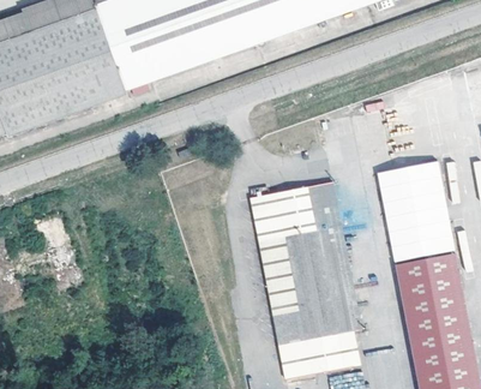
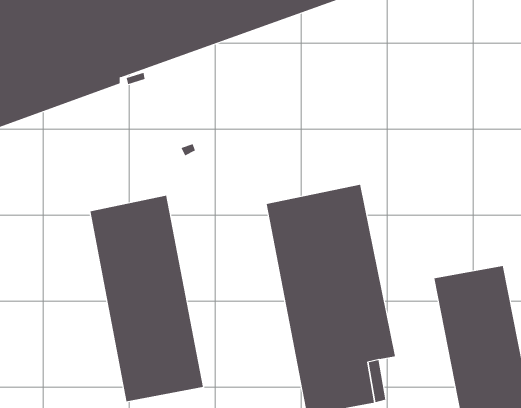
building: [377,158,453,259] -> none
building: none -> [90,195,204,402]

